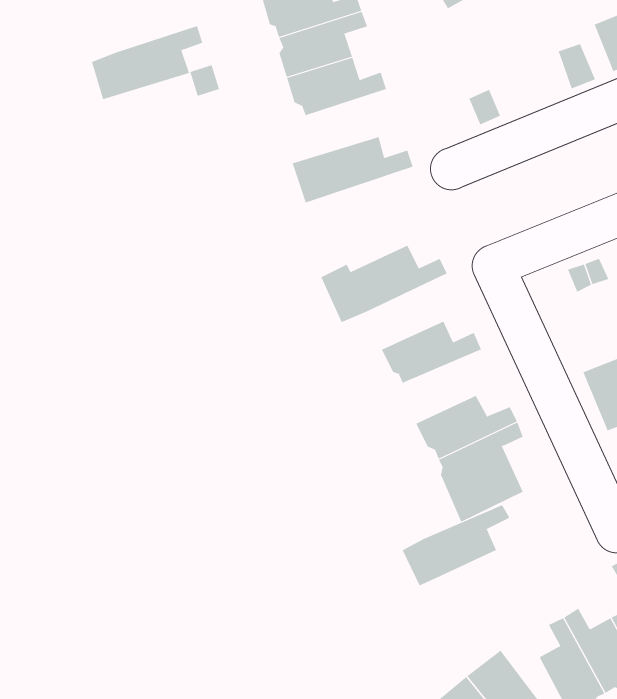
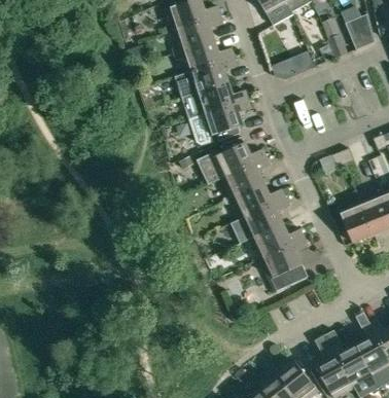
building: [91,26,203,100] -> [176,58,237,98]
building: none -> [189,100,251,141]
building: none -> [223,157,271,198]
building: [402,505,510,586] -> [231,198,289,243]

